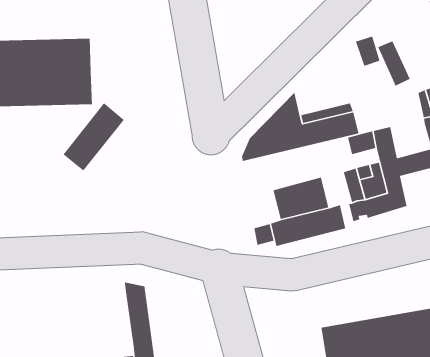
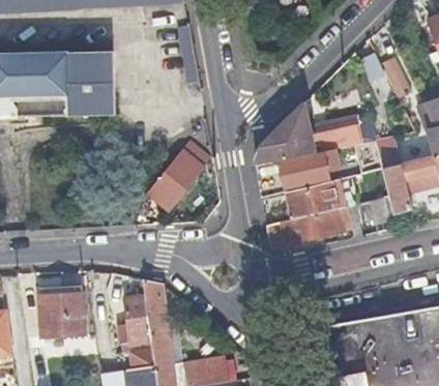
building: [62,102,125,171] -> [151,137,209,201]
building: none -> [281,154,329,187]
building: none -> [39,293,83,336]
building: none -> [125,295,153,340]

